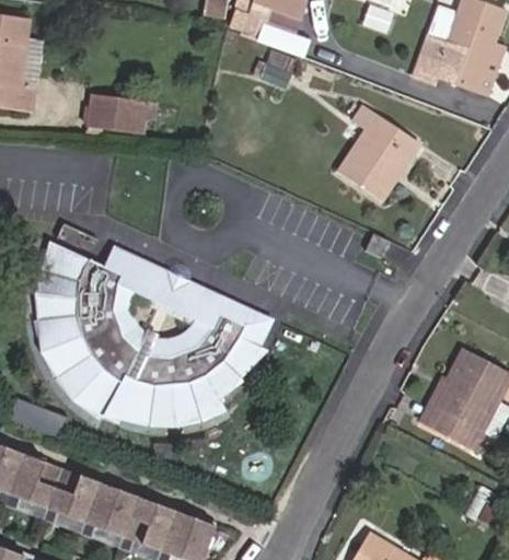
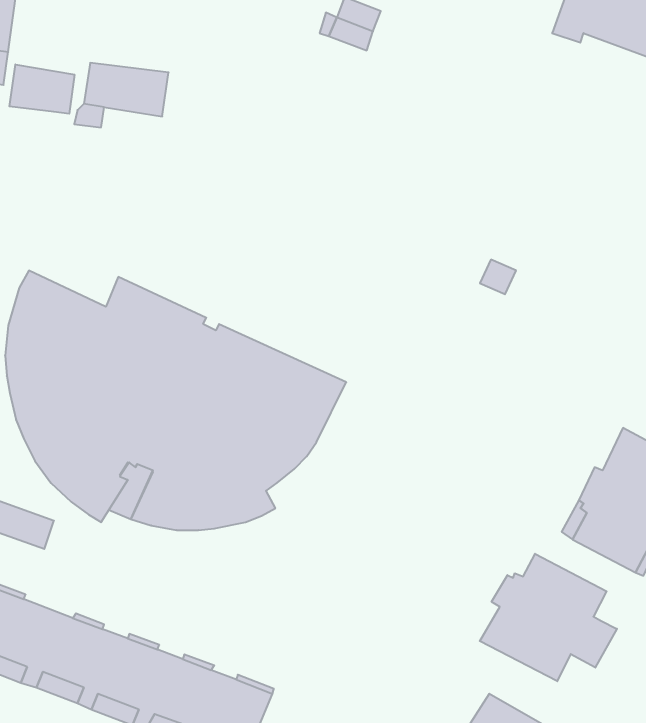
building: none -> [9,64,74,114]
building: [339,102,420,198] -> none
building: none -> [480,554,617,681]

